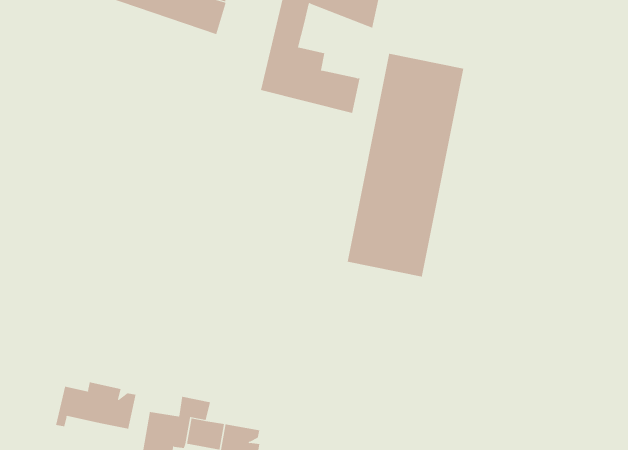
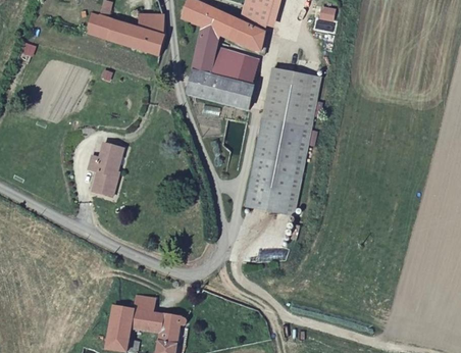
building: none -> [212,48,257,84]
building: none -> [89,142,125,194]
building: [56,382,136,430] -> none

